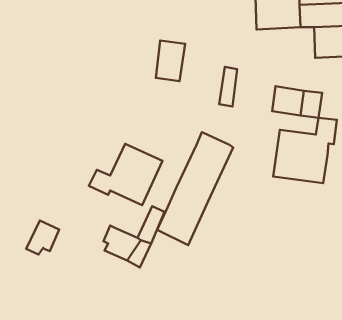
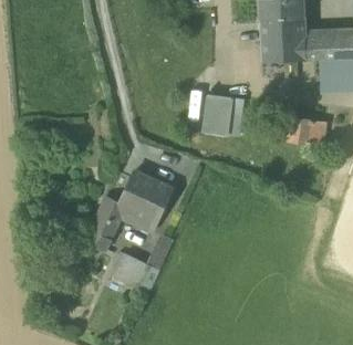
building: [156,40,185,81] -> [203,94,231,134]
building: [273,118,337,183] -> none
building: [157,132,233,245] -> none
building: [26,221,59,255] -> [85,213,117,247]

